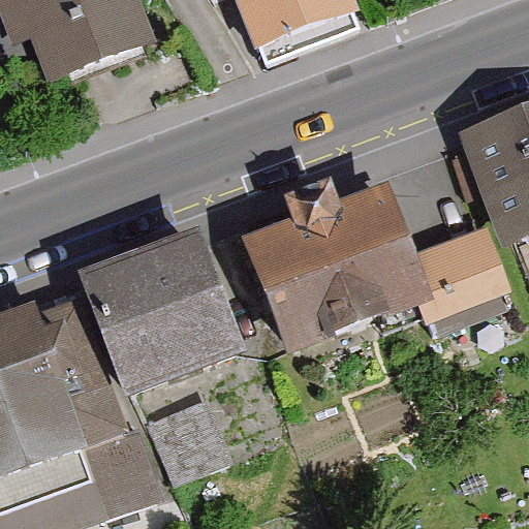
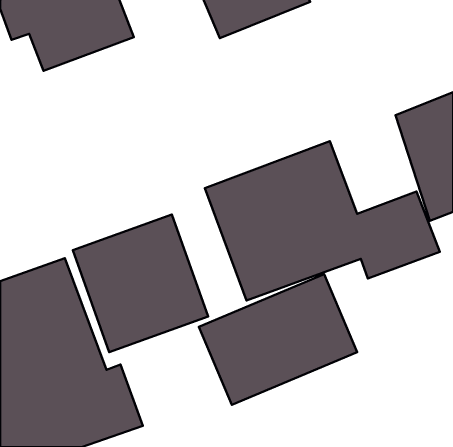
building: none -> [199,274,357,405]
building: [152,402,232,484] -> none

